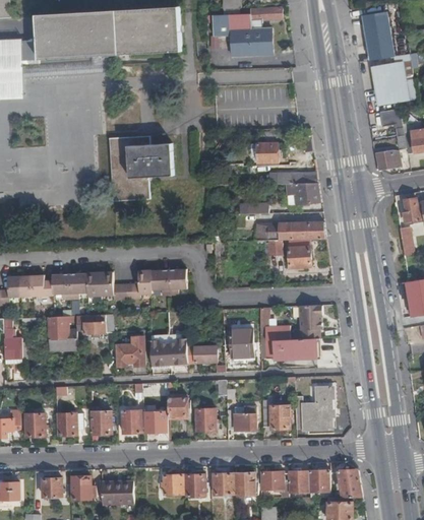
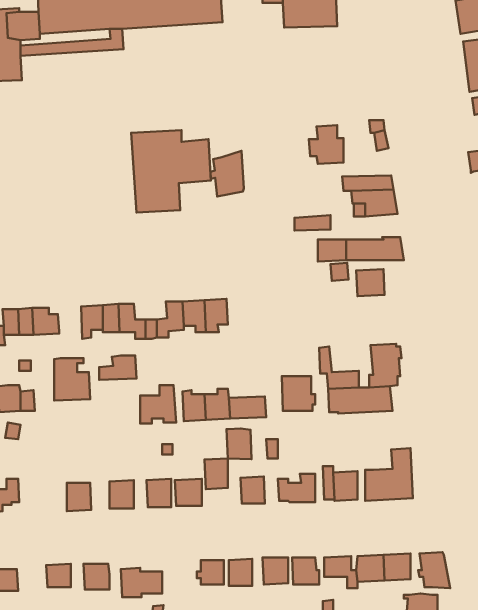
building: none -> [210,151,244,197]
building: [51,275,70,301] -> none
building: none -> [227,429,252,459]
building: [25,414,45,437] -> none

